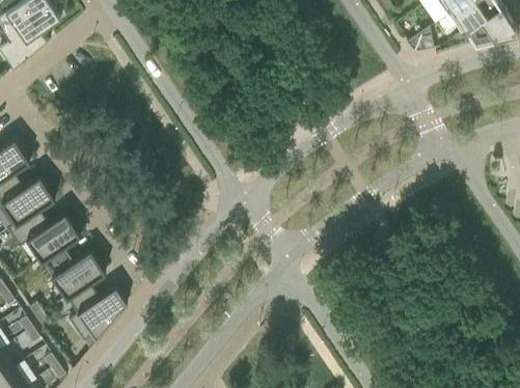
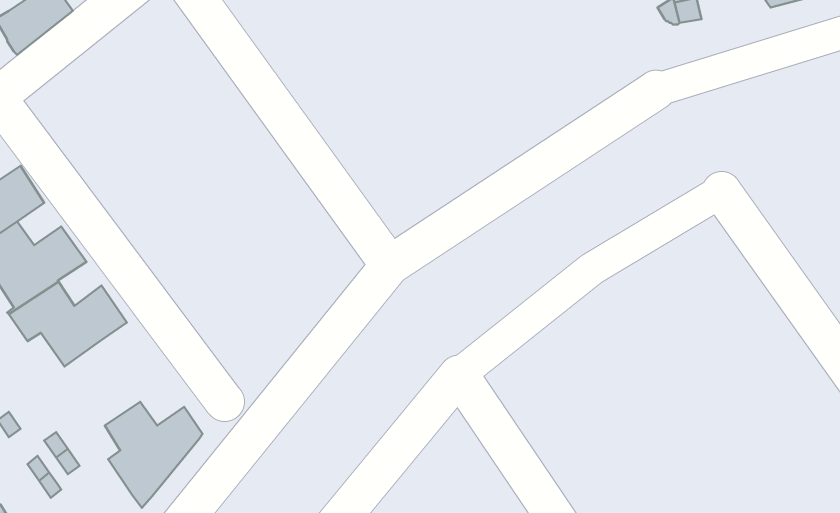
building: [40,247,105,299] -> none

